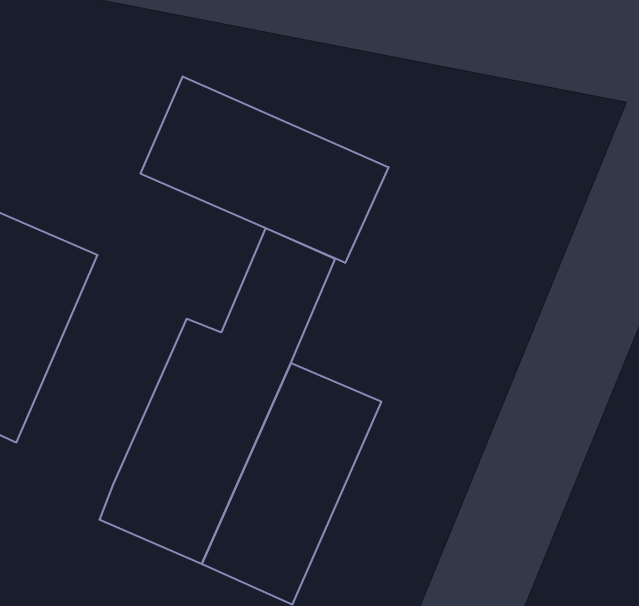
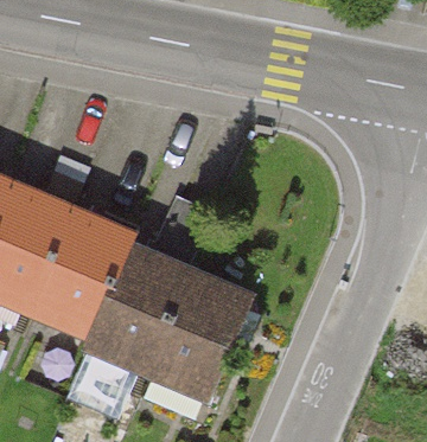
building: [141,76,389,263] -> none
building: none -> [26,201,136,342]

